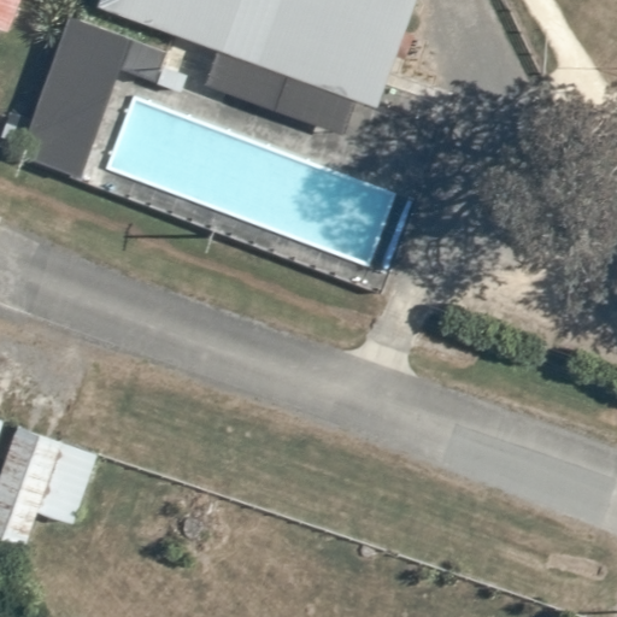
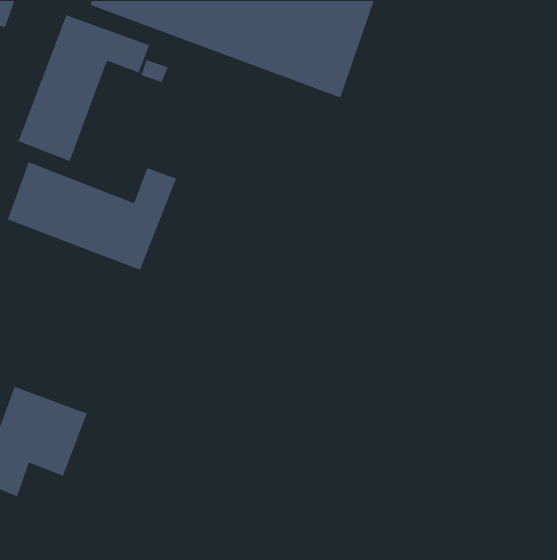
building: none -> [7,161,177,271]

